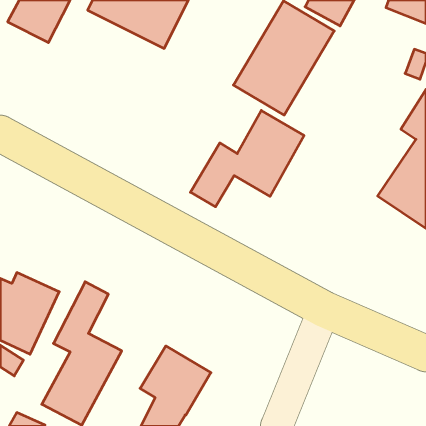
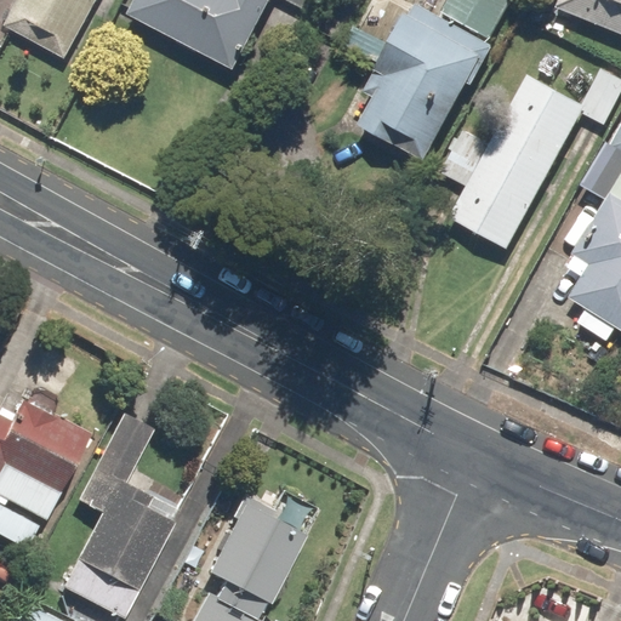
building: none -> [454,76,583,241]
building: [190,110,304,207] -> none

